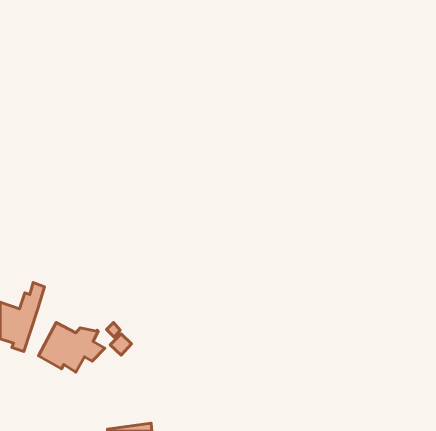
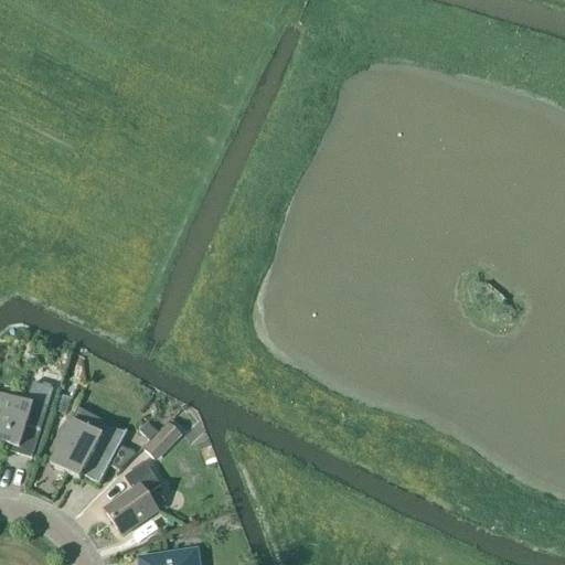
building: none -> [104,459,160,533]

